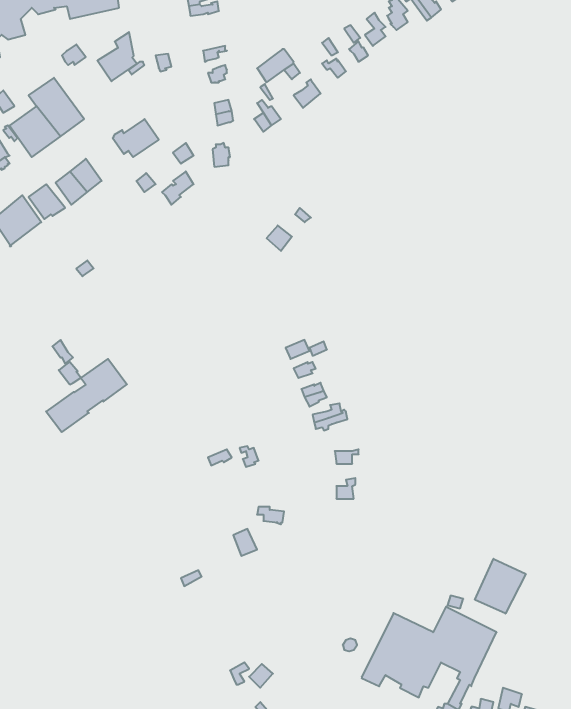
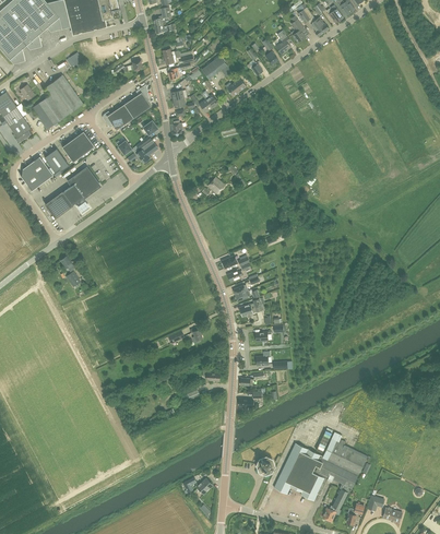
building: [97,32,137,81] -> [124,84,152,118]
building: [46,359,127,432] -> [45,168,100,218]
building: [475,559,526,614] -> none

